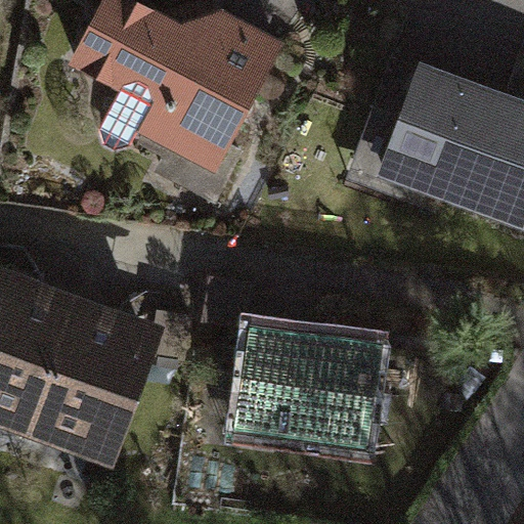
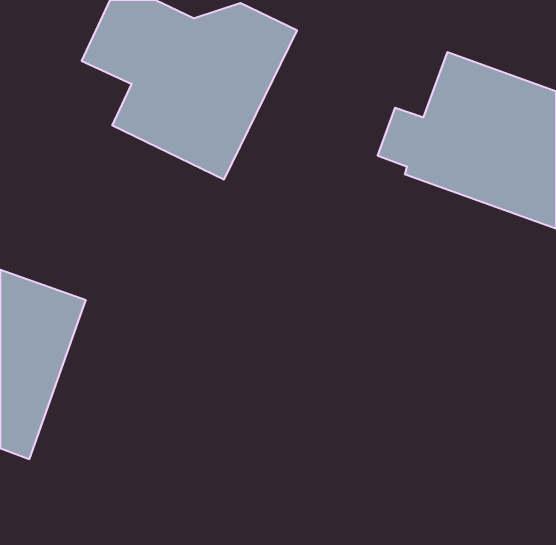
building: [28,293,168,473] -> none
building: [237,330,385,450] -> none

